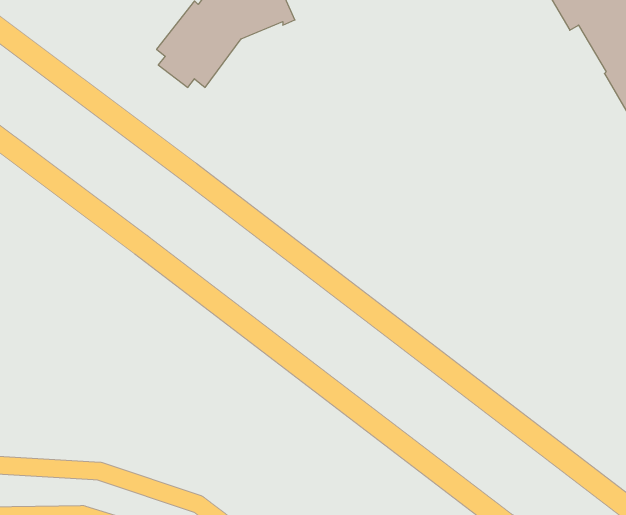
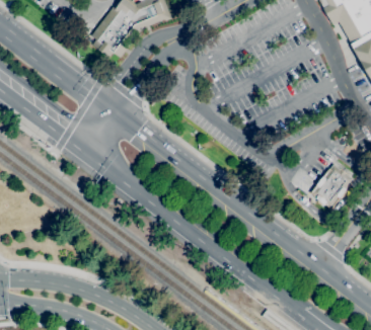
building: none -> [312,166,355,211]

